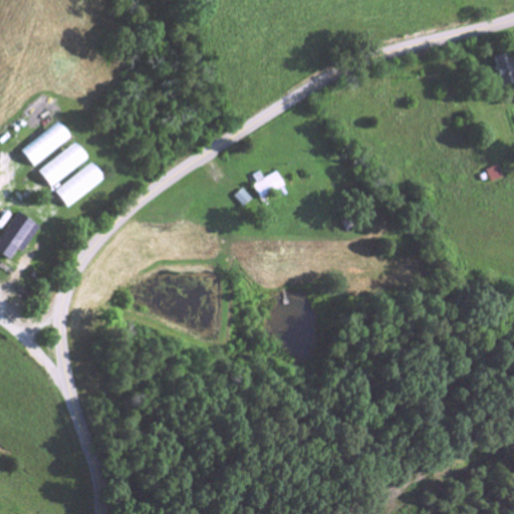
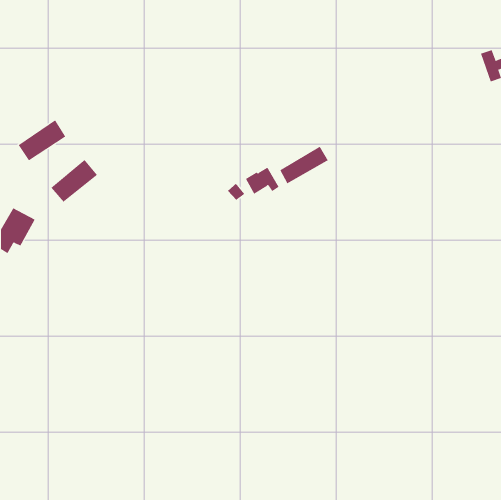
building: [39,142,87,186] -> none
building: none -> [279,146,328,184]

